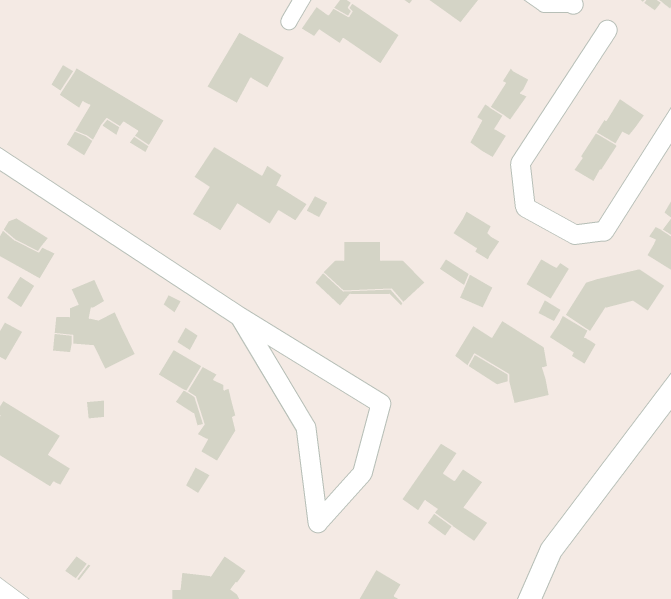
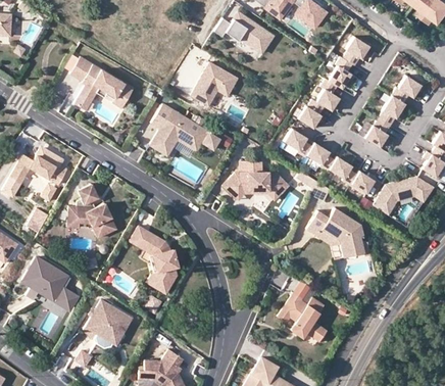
building: [207,32,285,104] -> [190,62,237,105]
building: none -> [343,37,368,66]
building: none -> [298,100,324,129]
building: none -> [364,118,391,148]
building: none -> [284,130,312,158]
building: [549,315,597,365] -> [329,157,357,187]
building: none -> [83,299,132,348]

